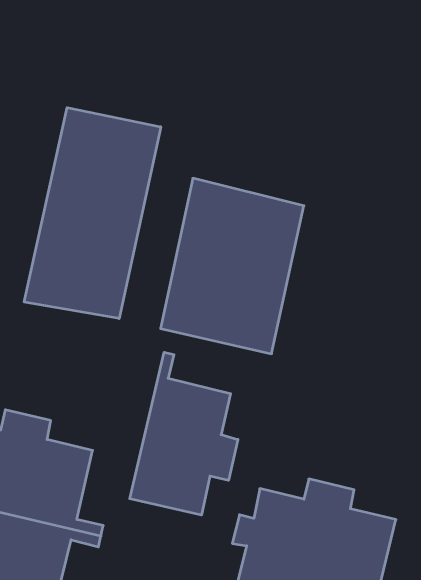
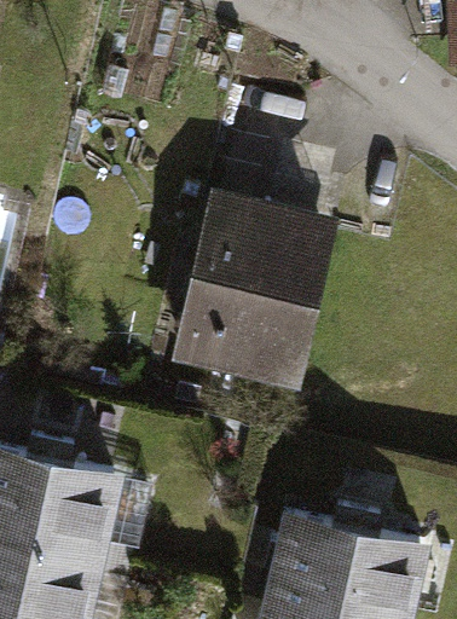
building: [24,108,161,319] -> none
building: [130,352,238,515] -> none

